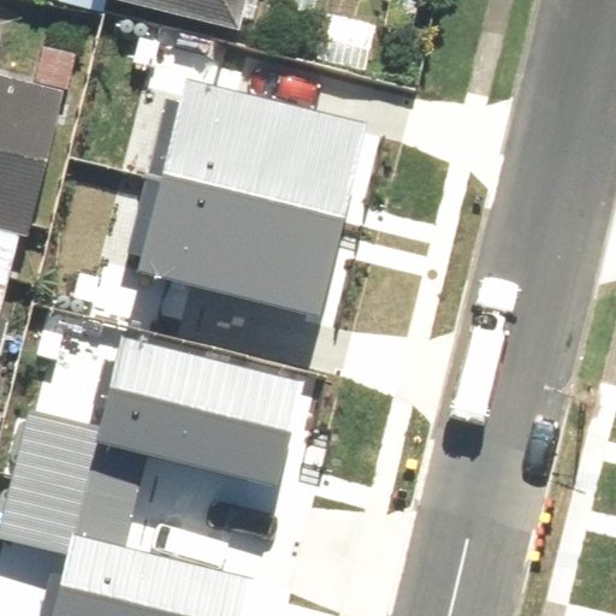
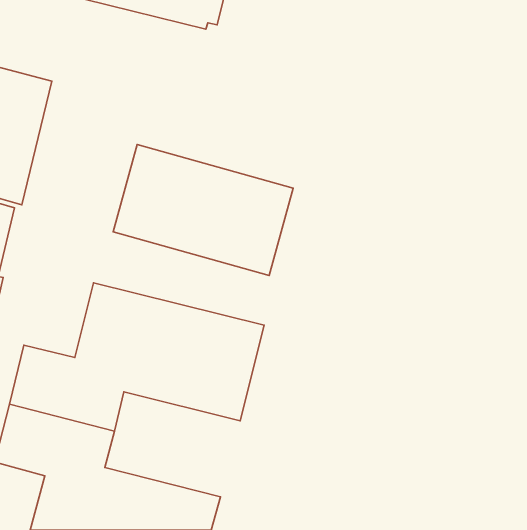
building: [159,75,365,218] -> none

